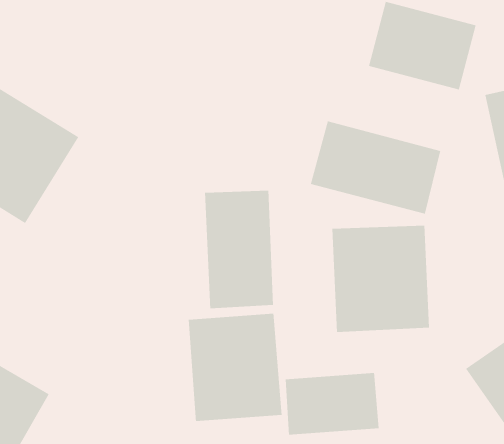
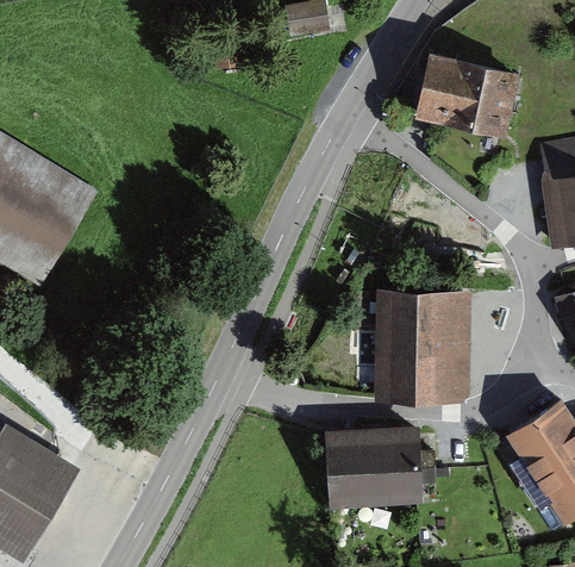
building: [310,121,441,215] -> none
building: [205,190,274,309] -> none
building: [188,313,282,422] -> none

